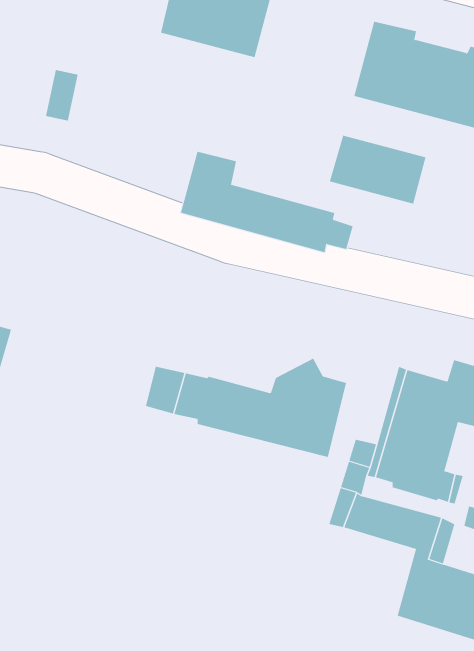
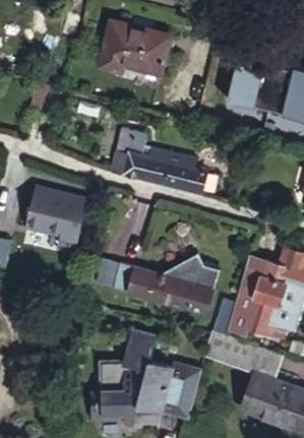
building: [329,135,426,205] -> none
building: none -> [27,188,86,249]
building: none -> [96,328,210,424]

